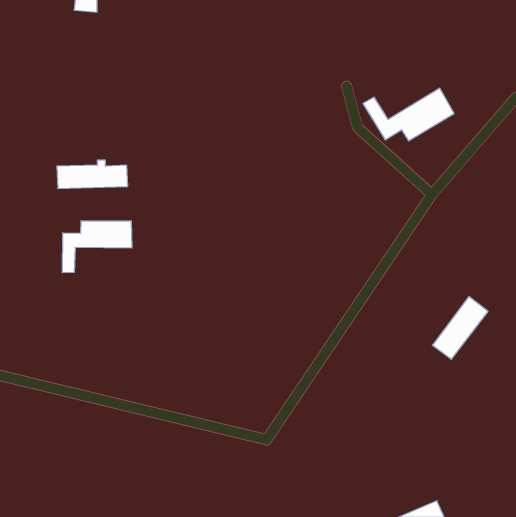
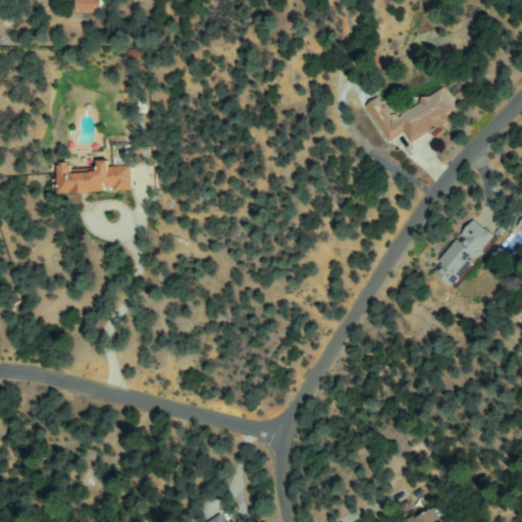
building: [62,221,132,273] -> none
building: [432,296,488,359] -> [434,221,490,284]

